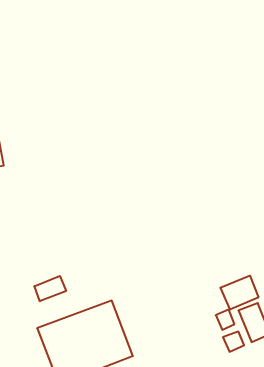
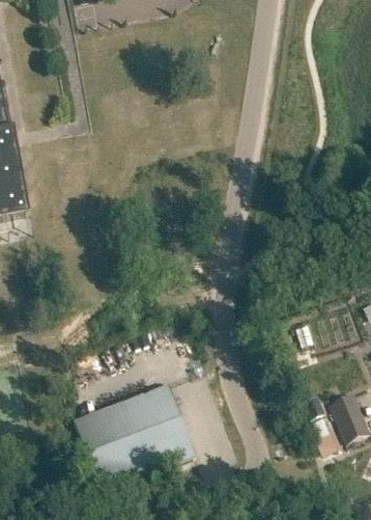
building: [220,276,258,310] -> none
building: [34,276,66,301] -> none

